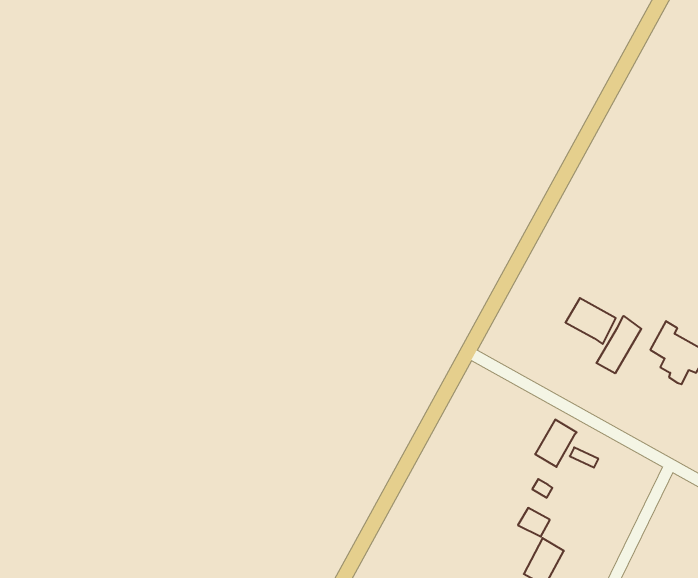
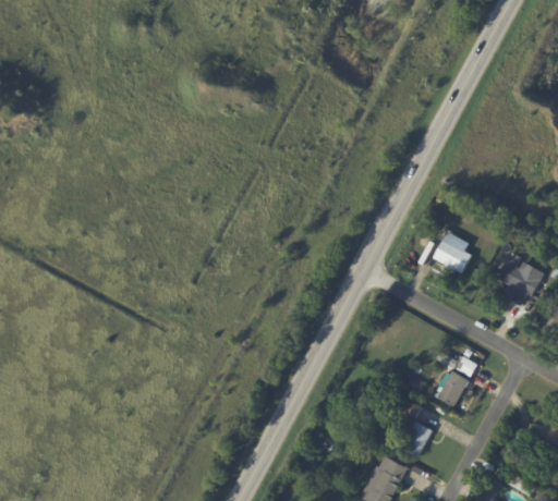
building: [596,316,641,373] -> none
building: [535,420,577,467] -> [438,370,470,406]

